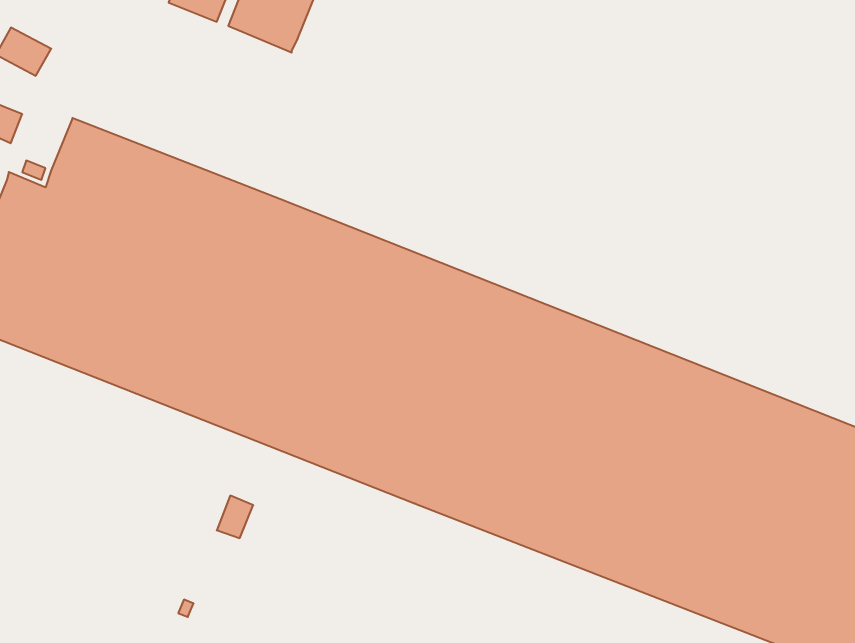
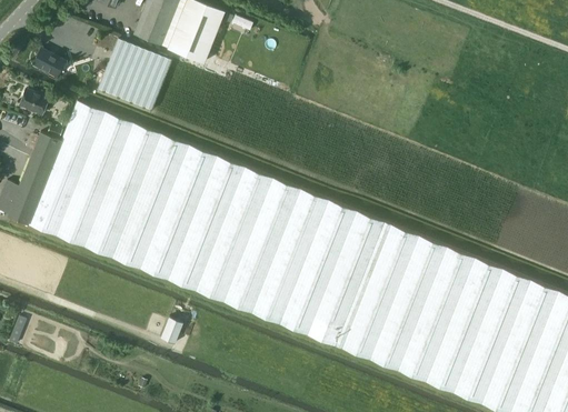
building: none -> [99,38,172,110]

